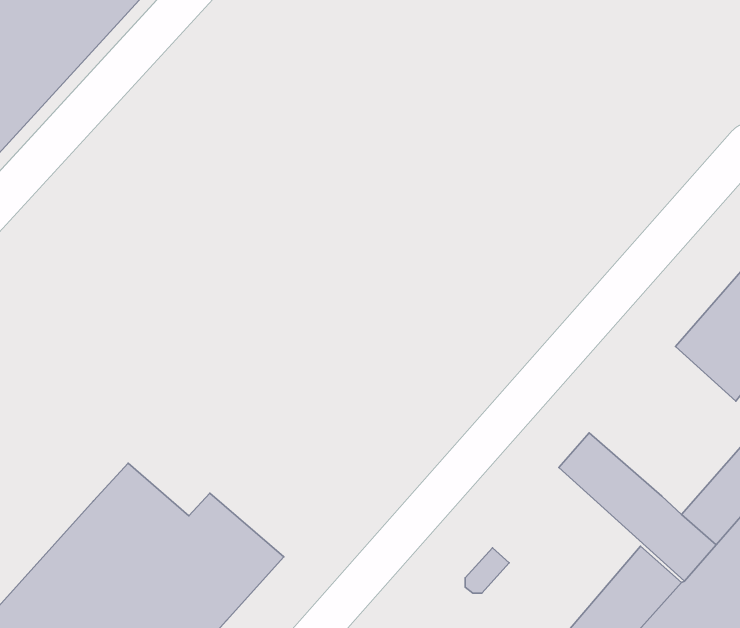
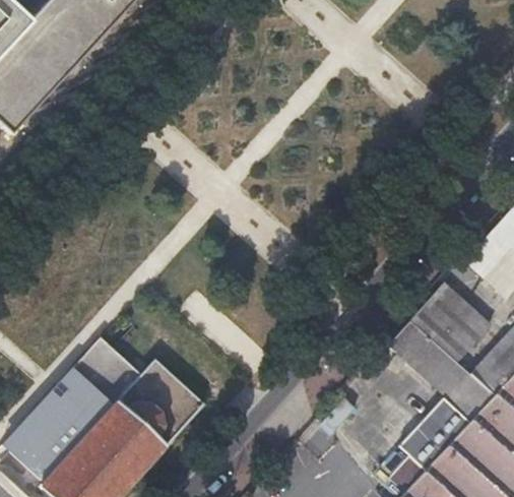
building: none -> [409,282,492,362]

